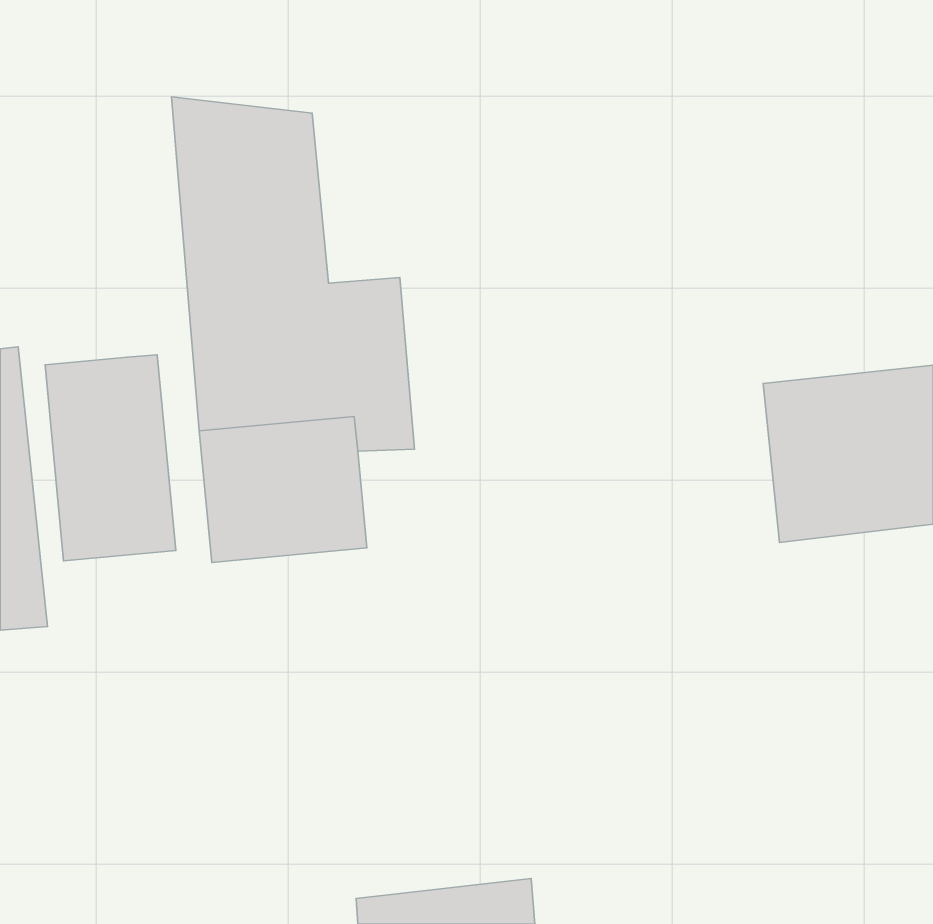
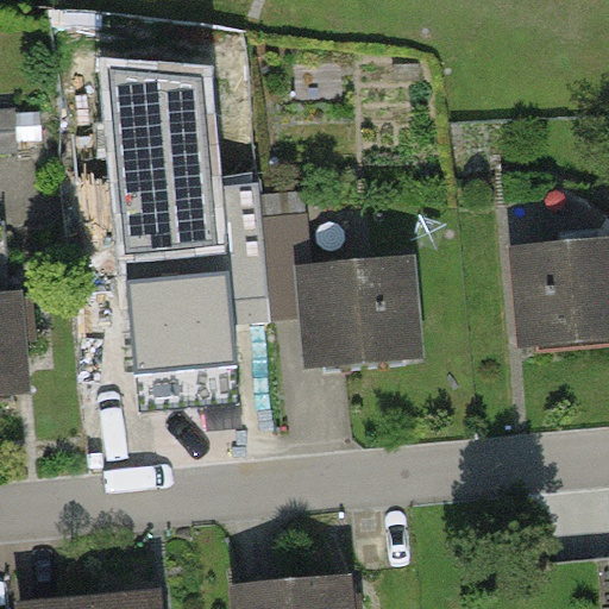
building: [45,355,176,561] -> none
building: none -> [282,258,409,371]

